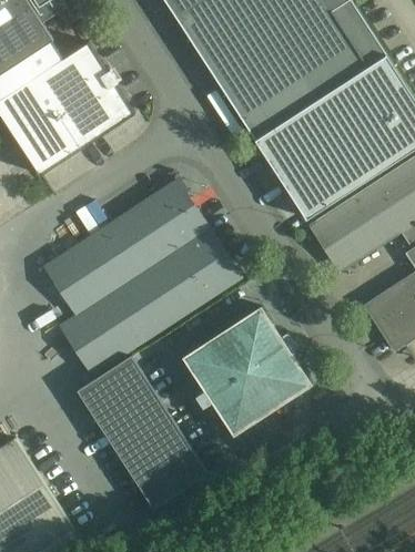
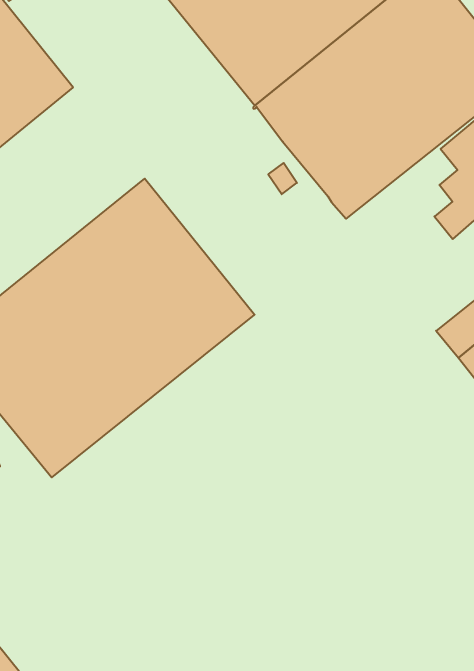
building: [311,180,388,268] -> none
building: [184,306,310,431] -> none
building: [75,356,204,508] -> none

